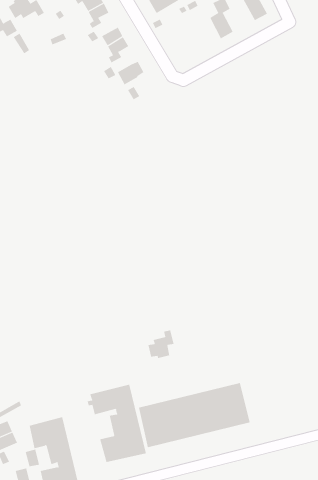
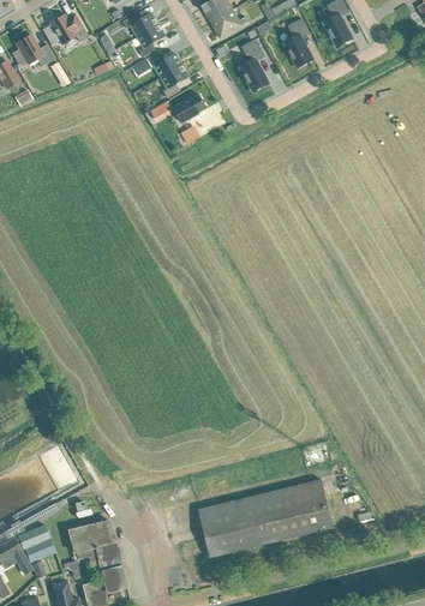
building: none -> [240,37,269,91]
building: [148,329,174,359] -> none
building: [87,384,146,463] -> none

